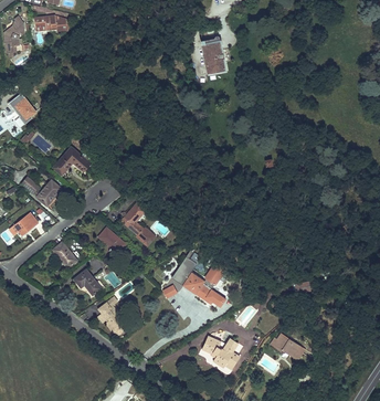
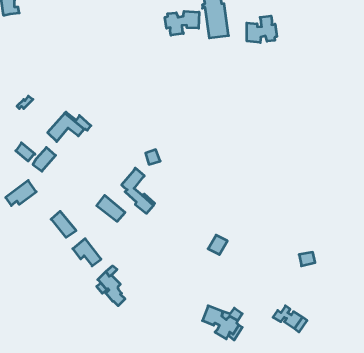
building: none -> [165,11,199,35]
building: none -> [247,16,277,43]
building: [9,94,38,127] -> none
building: [161,270,225,306] -> none

